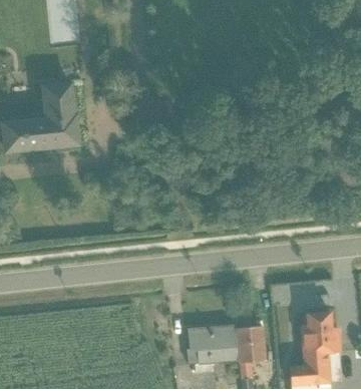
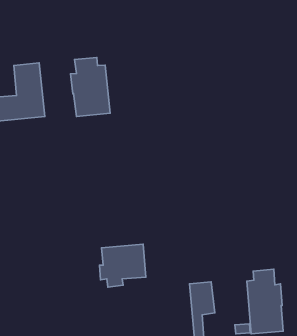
building: none -> [71,57,110,117]
building: [189,325,240,372] -> [100,244,146,287]

